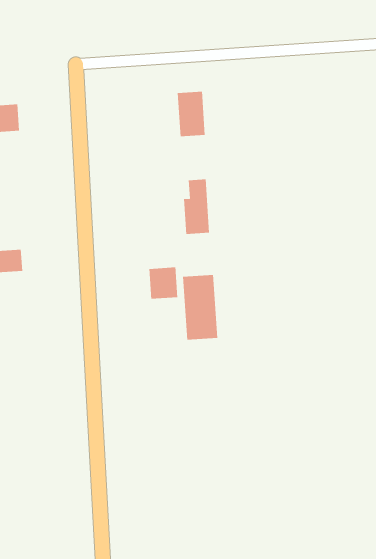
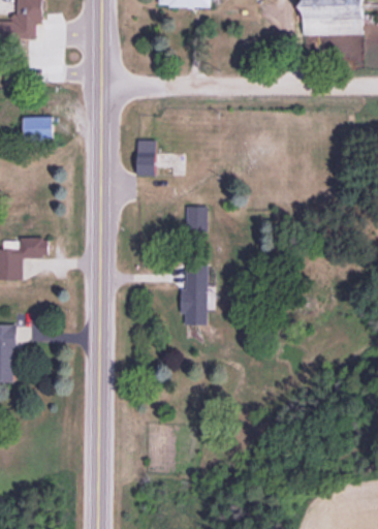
building: [177,91,206,137] -> [134,137,156,175]
building: [149,267,178,300] -> none

